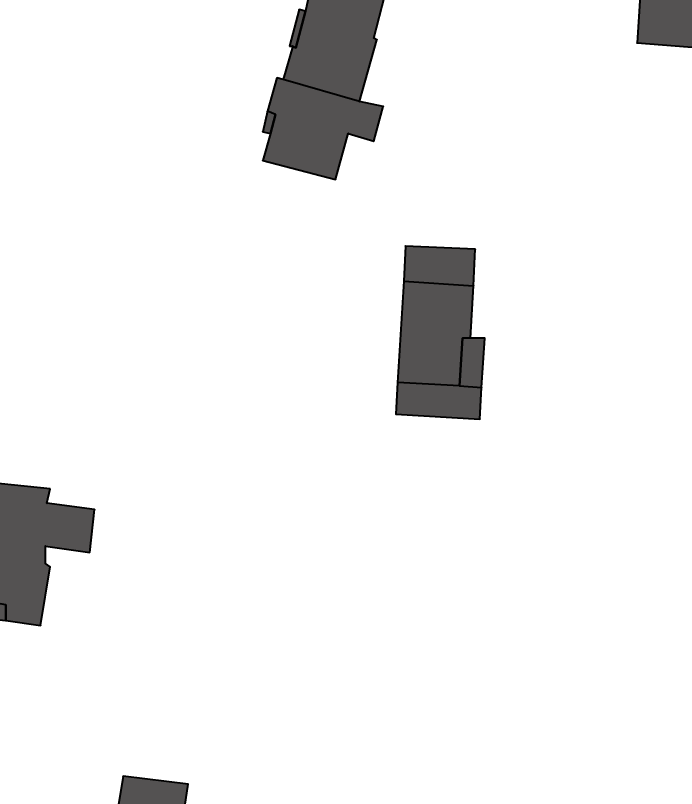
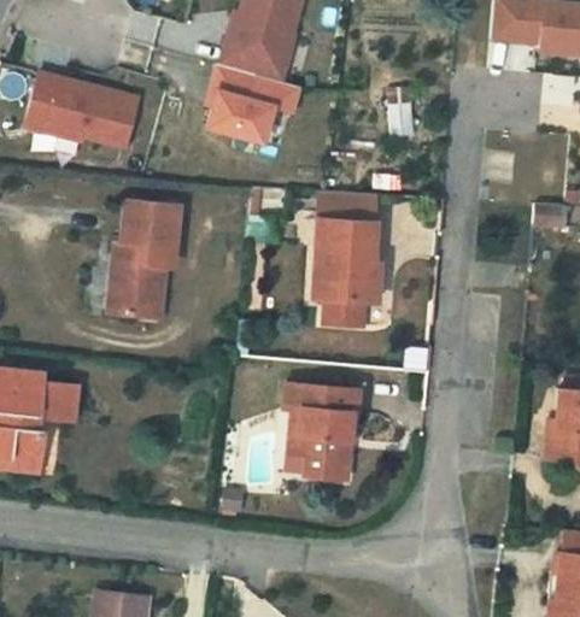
building: none -> [25,71,139,147]
building: none -> [110,208,182,306]
building: none -> [283,382,358,468]

